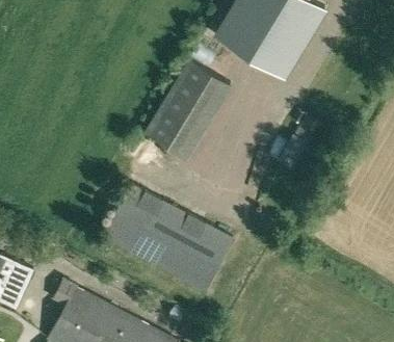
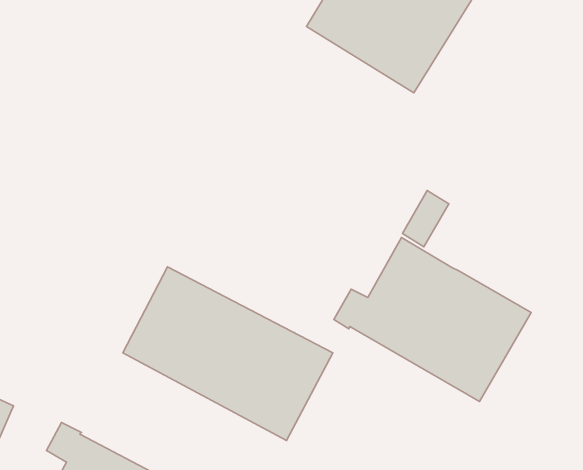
building: [145,59,230,156] -> none
building: none -> [334,238,531,401]

